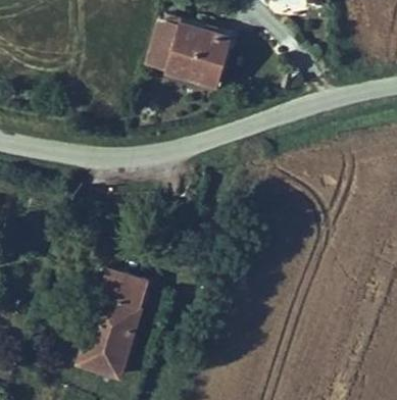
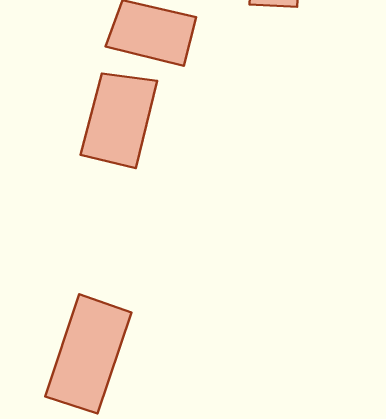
building: none -> [80,74,157,168]

